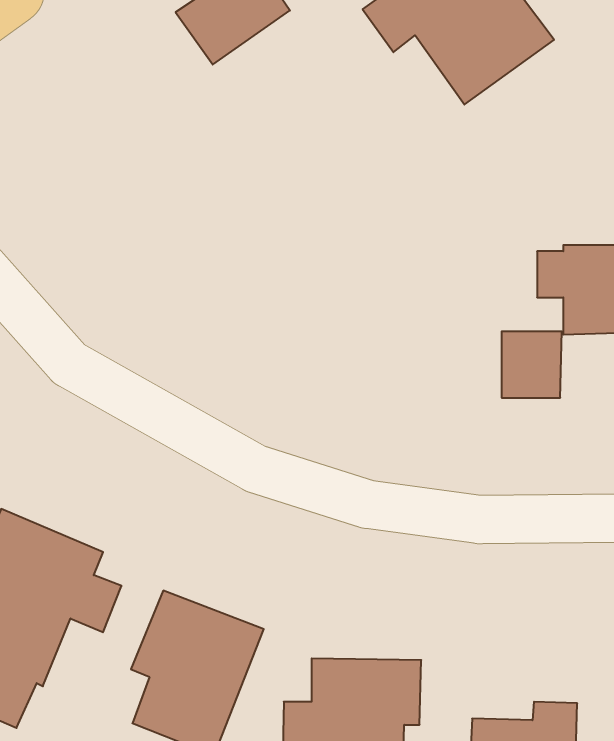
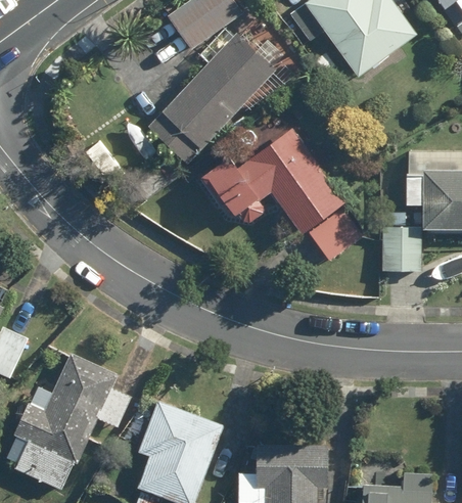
building: none -> [147,33,283,164]
building: none -> [202,128,362,260]

